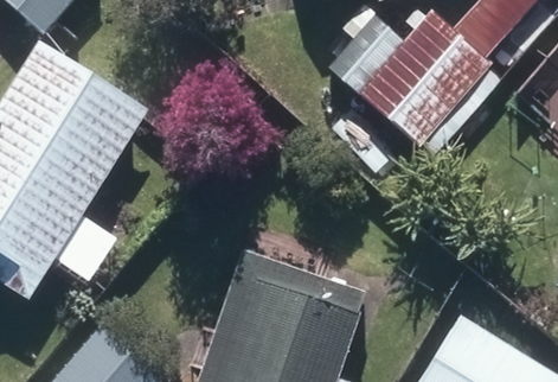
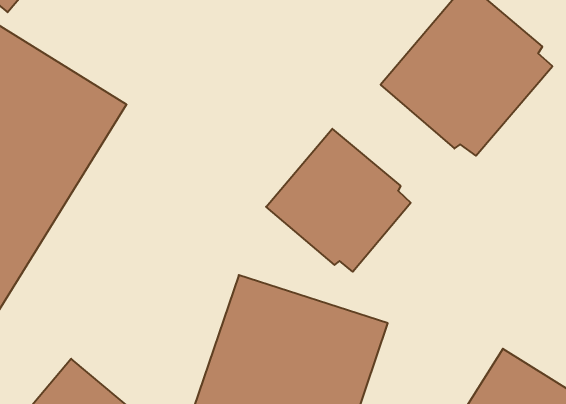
building: none -> [266,129,411,272]

